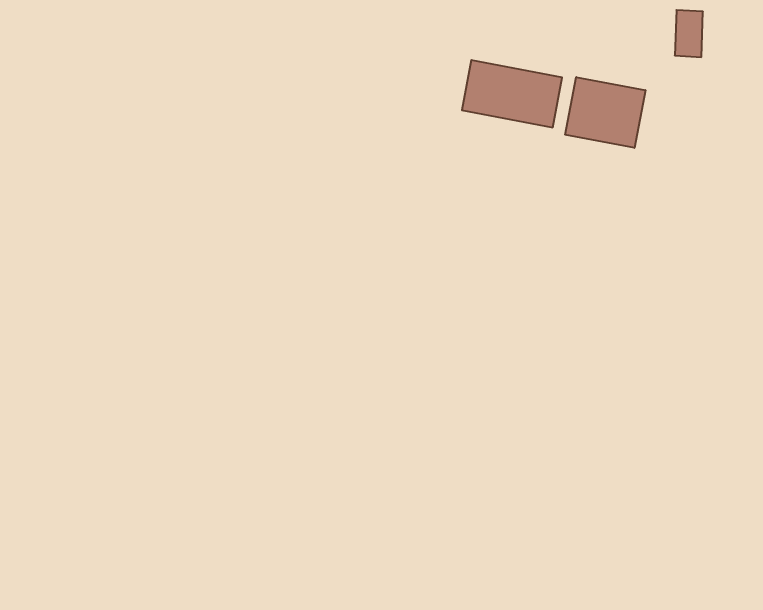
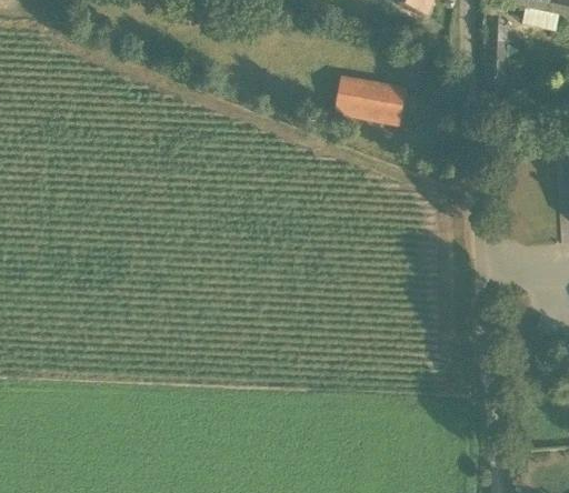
building: [565,77,645,148] -> none

